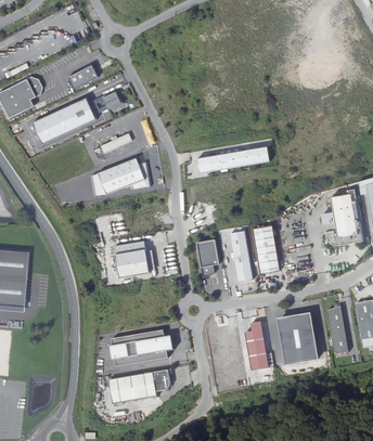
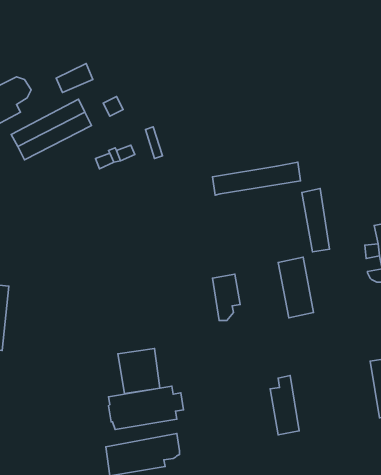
building: [91,157,150,196] -> none
building: [229,230,252,282] -> [302,189,330,252]
building: [113,239,147,276] -> [118,349,160,393]
building: [278,314,318,368] -> none

